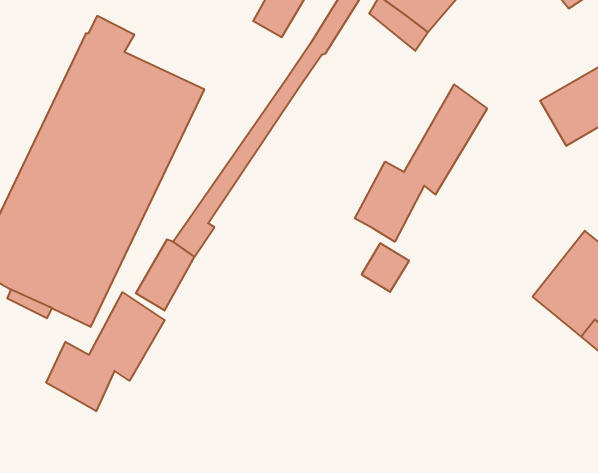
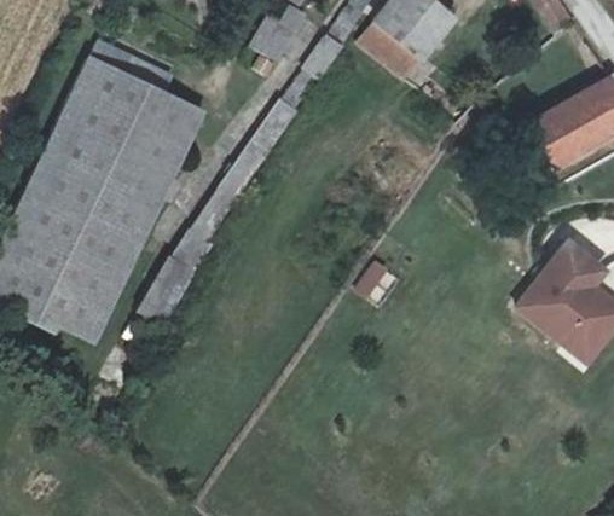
building: [355,84,487,242] -> none
building: [46,292,165,411] -> none

